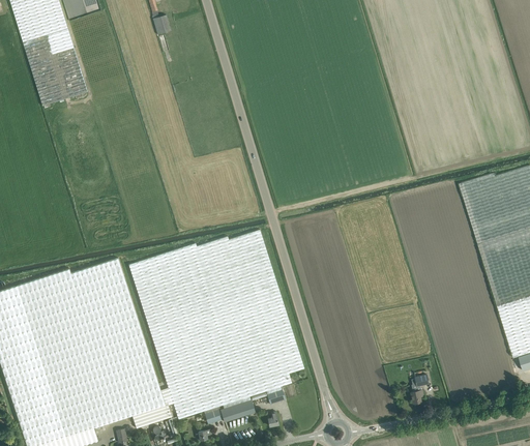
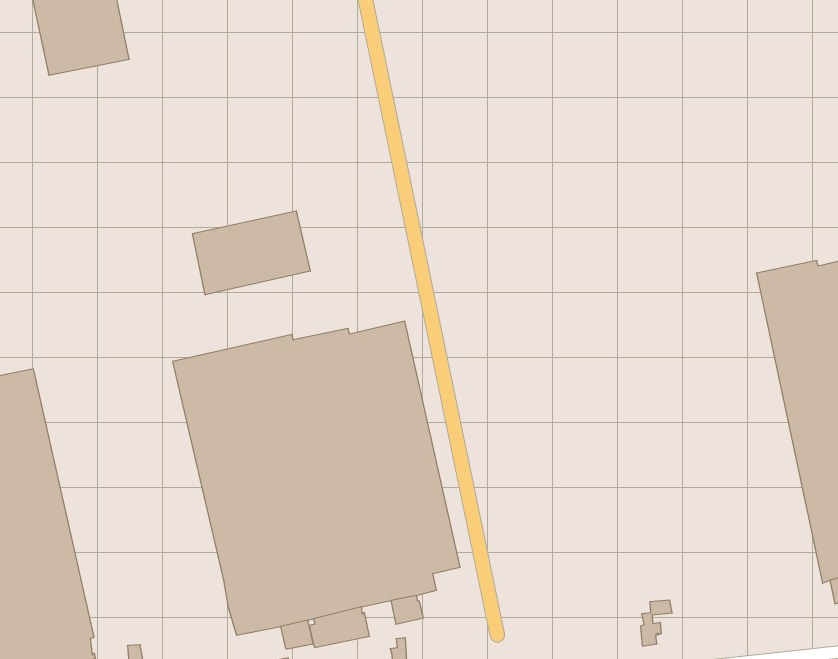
building: none -> [193,211,310,295]
building: [49,258,173,427] -> none

